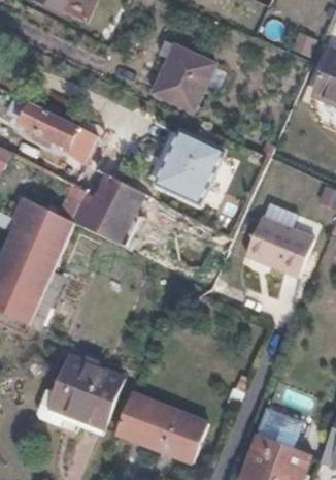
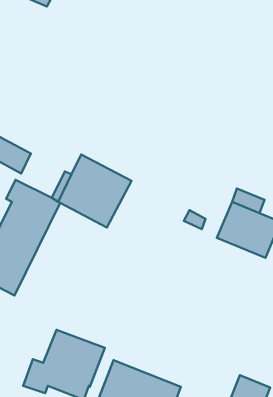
building: [152,44,215,110] -> none
building: [18,103,95,162] -> none
building: [161,131,224,201] -> none

